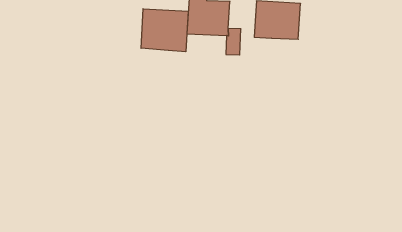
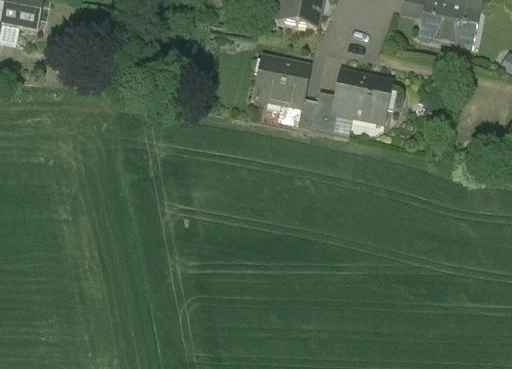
building: [141,9,188,52] -> none
building: none -> [312,88,352,135]

